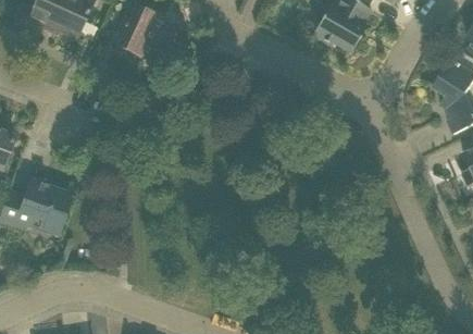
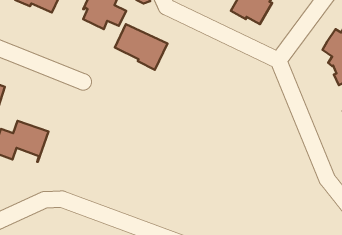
building: none -> [115,24,167,70]

